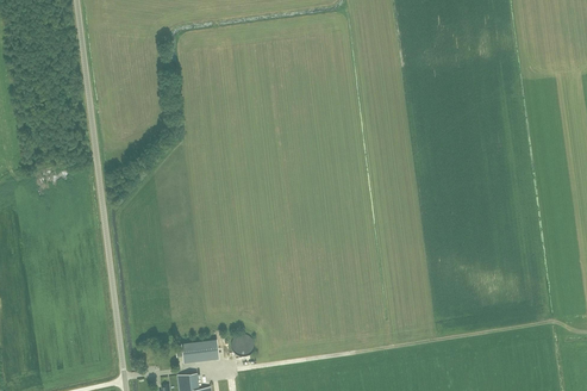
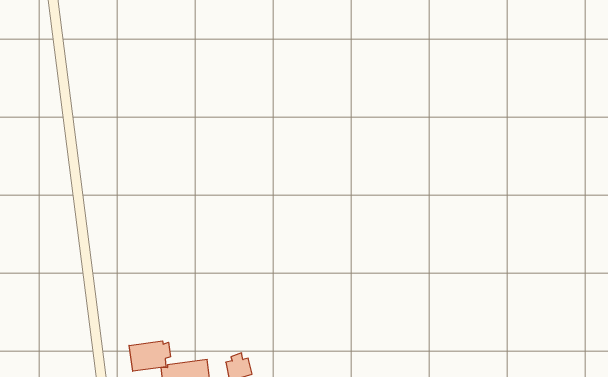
building: none -> [129,341,171,371]

